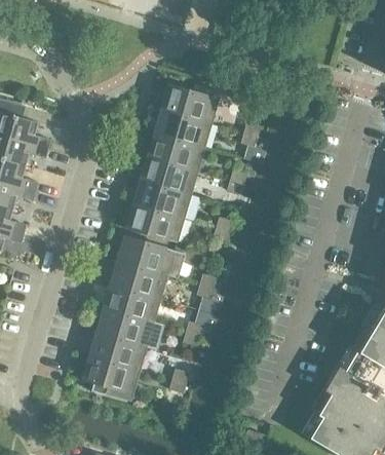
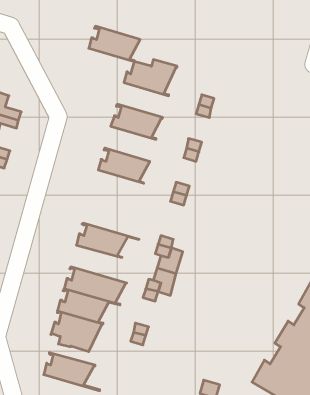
building: [155,109,210,147] -> [89,26,140,61]
building: [142,156,197,194] -> none
building: [127,203,184,242] -> none
building: [118,237,186,278] -> none
building: [105,285,165,326] -> [44,353,100,391]

